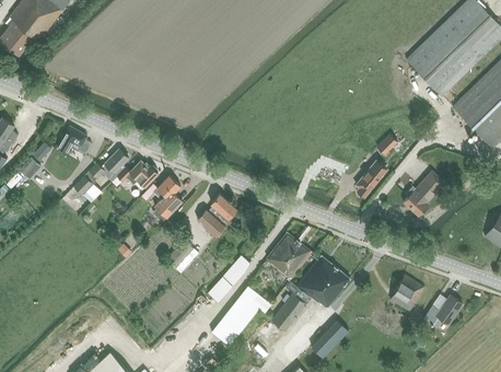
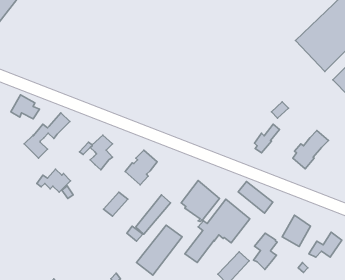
building: [117,160,159,188] -> [37,169,71,192]
building: none -> [238,182,273,213]
building: none -> [254,233,277,269]

